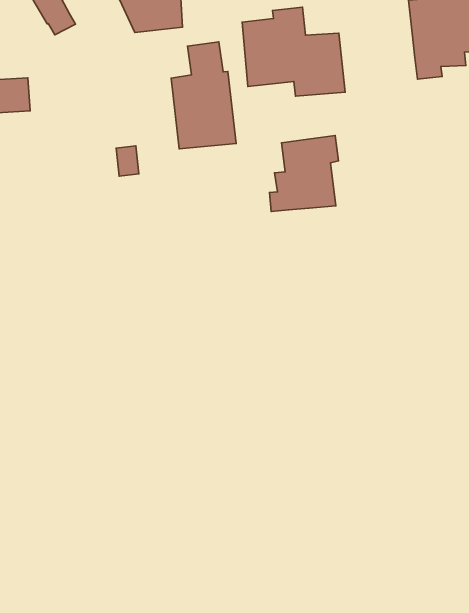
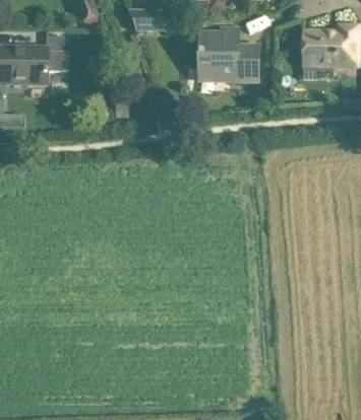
building: [171,42,236,149] -> none
building: [269,135,339,211] -> none

